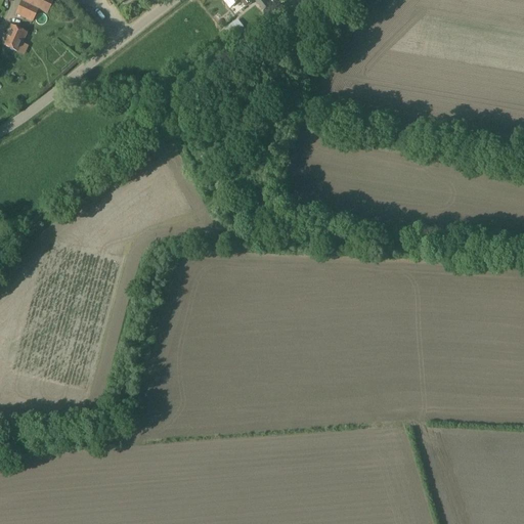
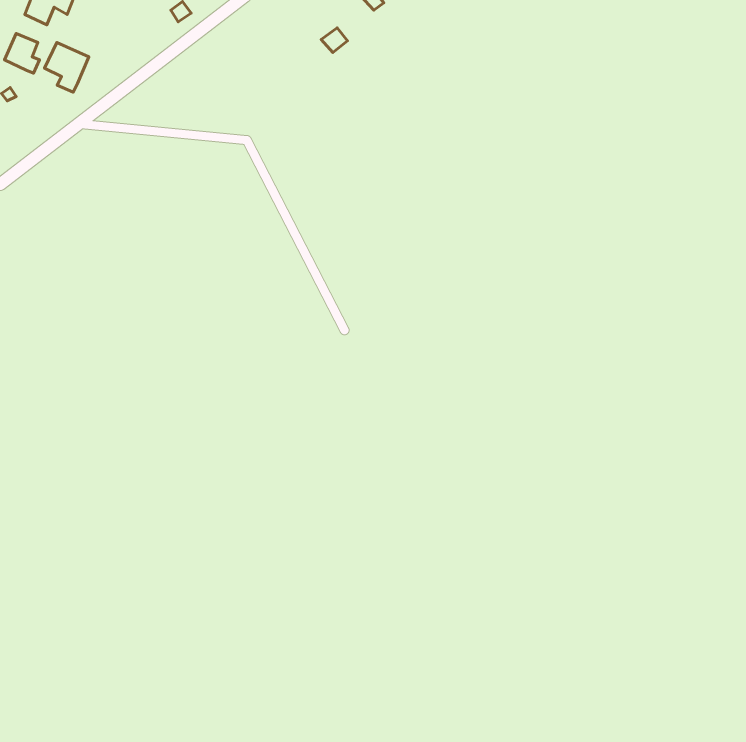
building: none -> [44,43,89,92]

